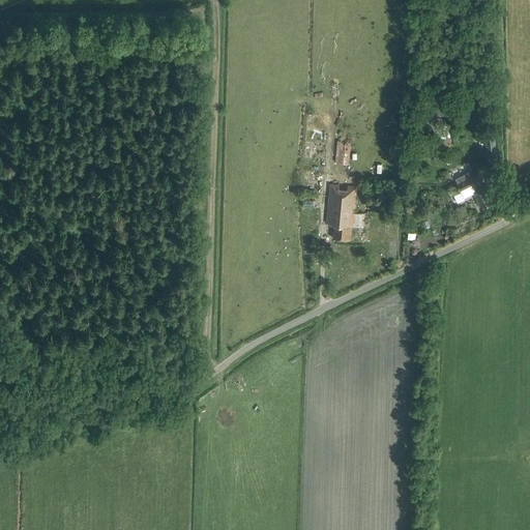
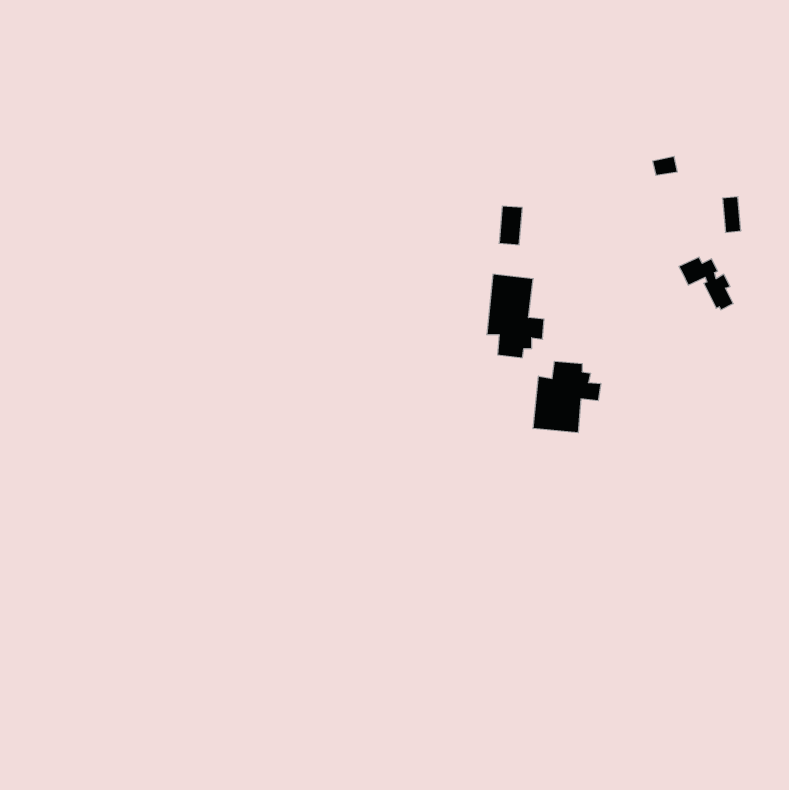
building: none -> [533,361,601,433]

